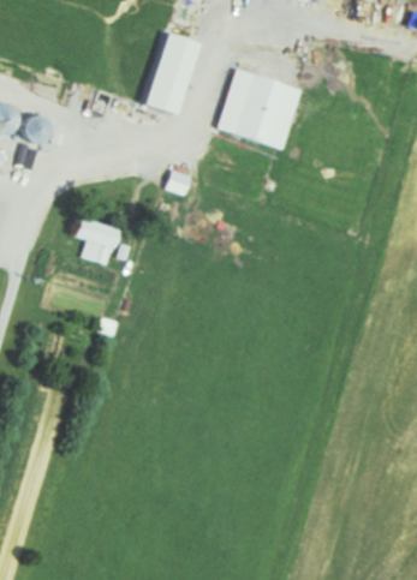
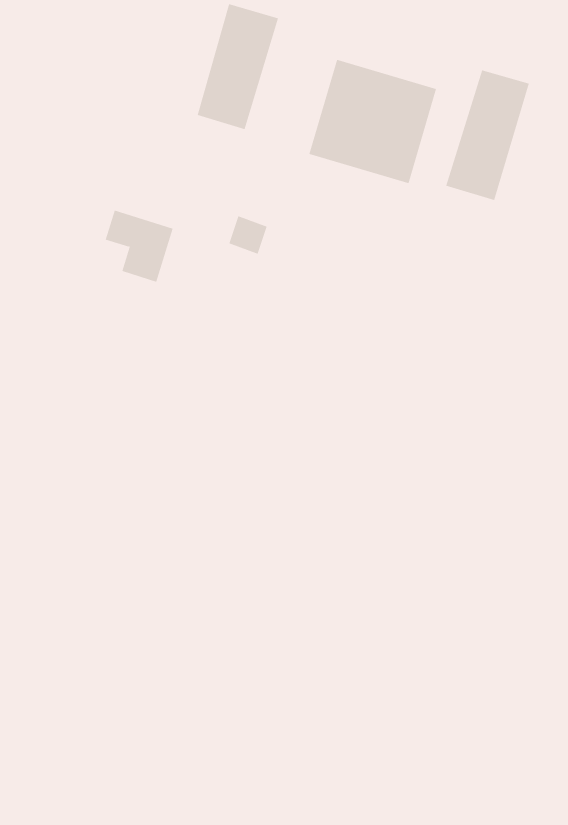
building: none -> [446,70,529,201]
building: [72,217,117,264] -> [105,210,174,282]

